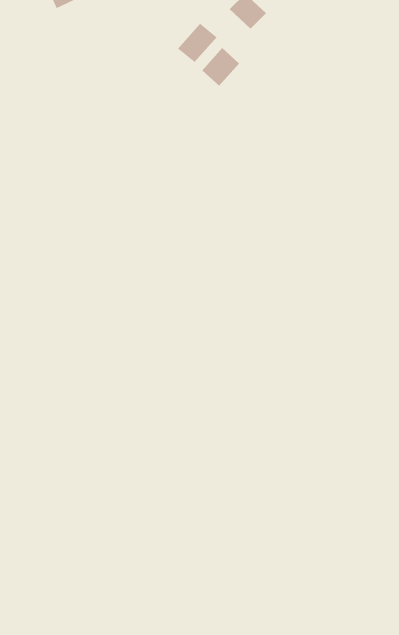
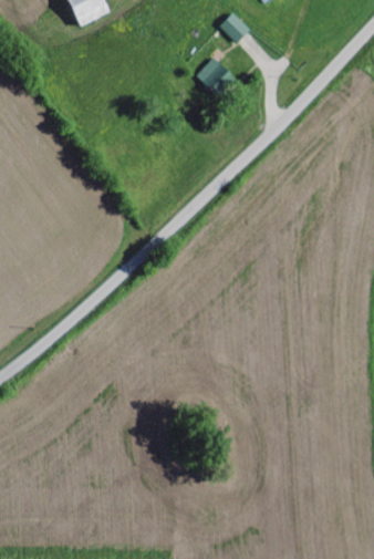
building: [177,23,217,63] -> none

